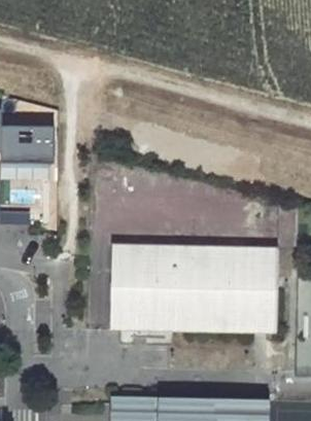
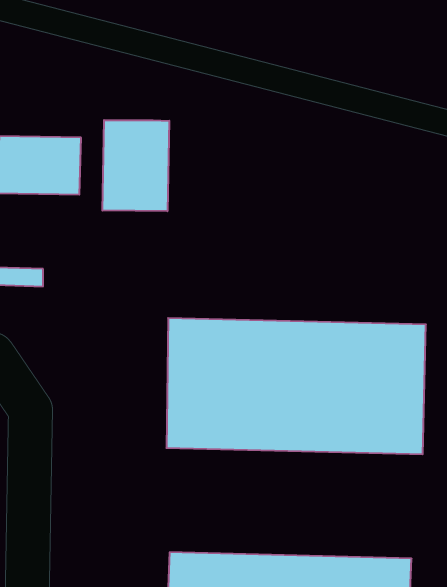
building: none -> [102,120,169,211]

